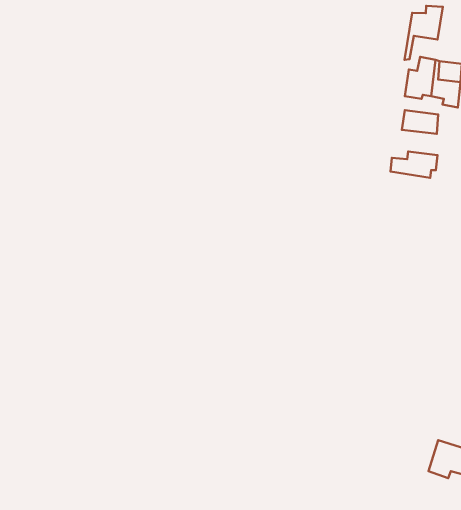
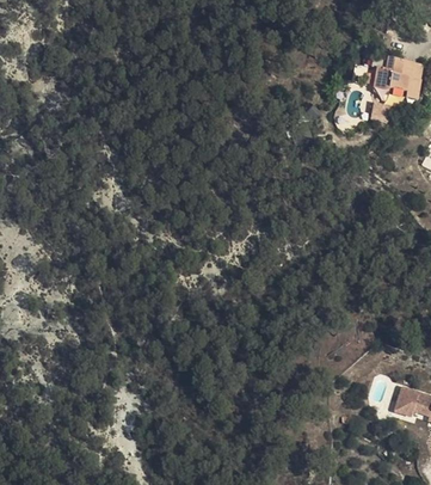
building: [405,6,443,60] -> none
building: [390,152,438,178] -> none

